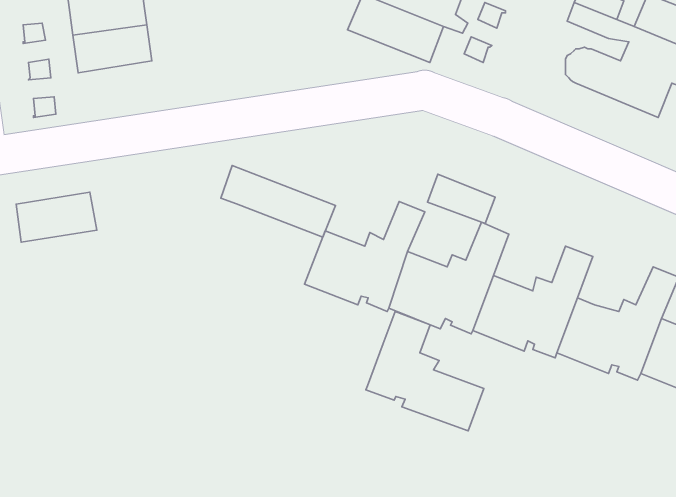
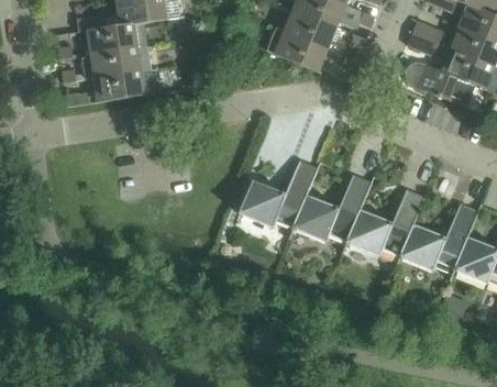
building: [221,165,336,237] -> none
building: [428,174,495,224] -> none
building: [16,192,97,242] -> [95,70,146,102]
building: [366,312,484,431] -> none

